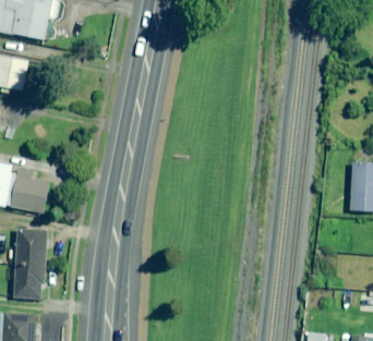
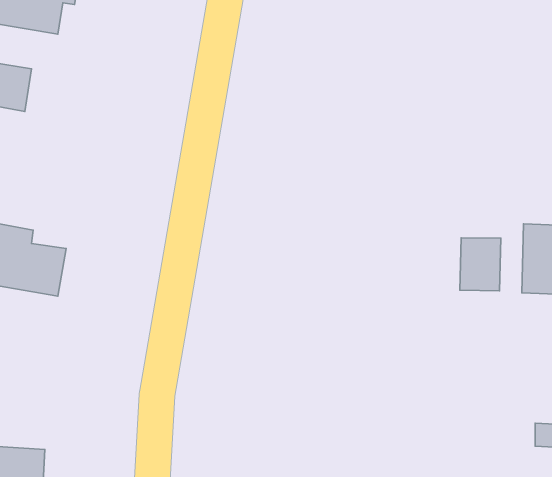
building: none -> [460,238,501,291]
building: [13,227,46,299] -> none

